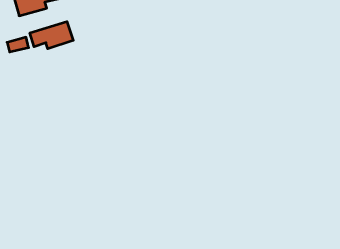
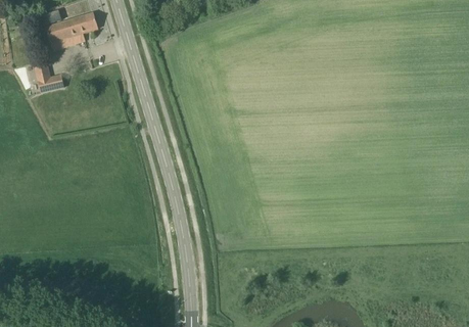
building: [30,22,73,49] -> none

